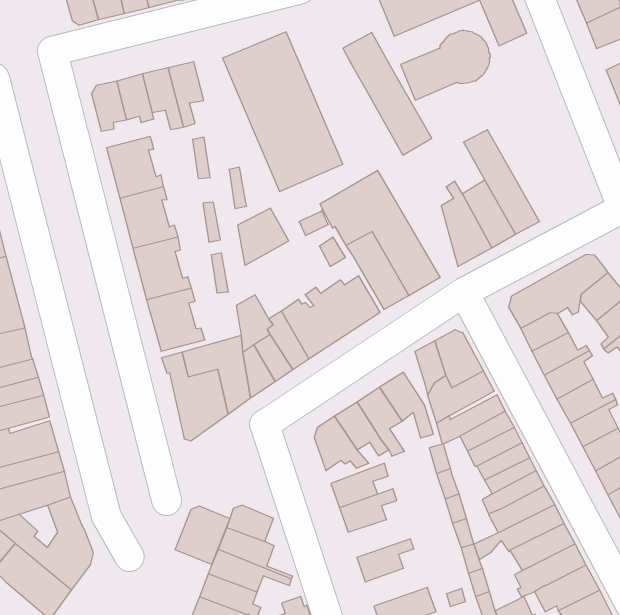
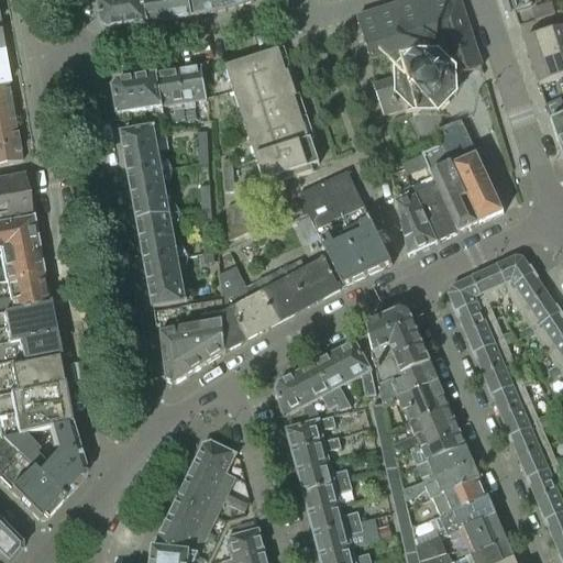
building: [343,33,432,155] -> [435,118,504,222]
building: [175,506,230,564] -> none
building: none -> [297,461,349,490]
building: none -> [308,503,360,532]

